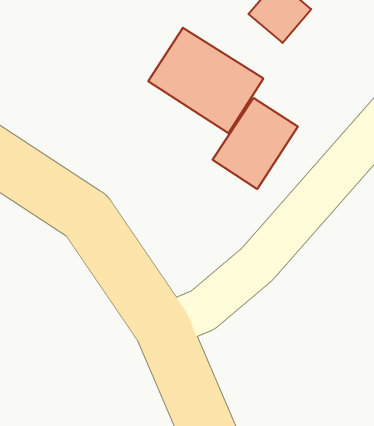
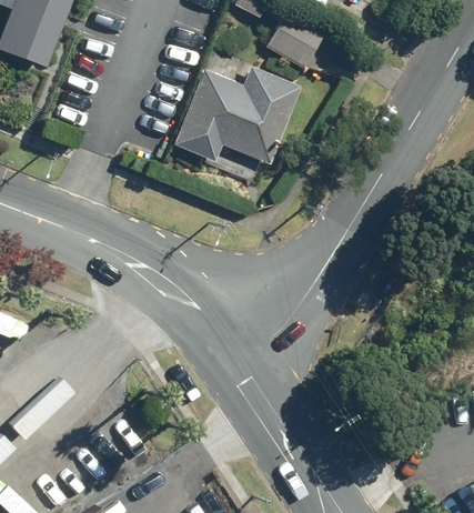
building: [213,98,298,189] -> none

